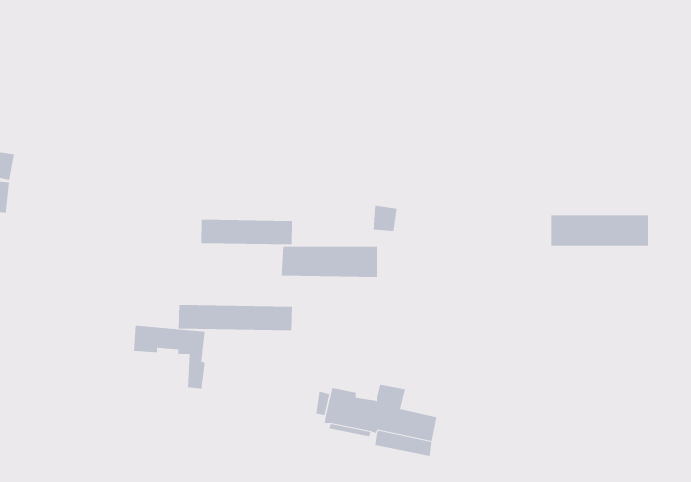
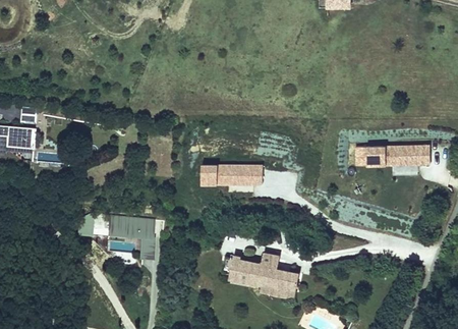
building: [201,219,292,245] -> none
building: [178,304,292,331] -> none

